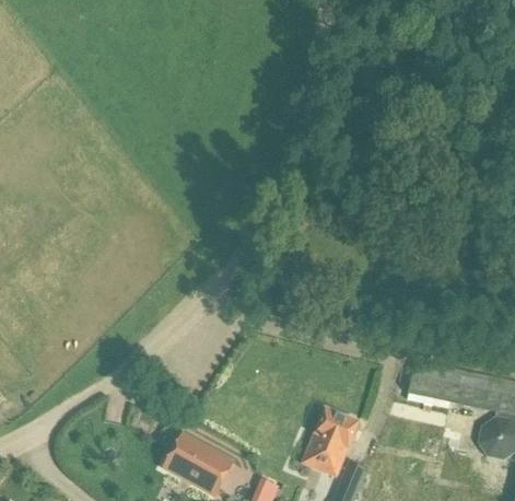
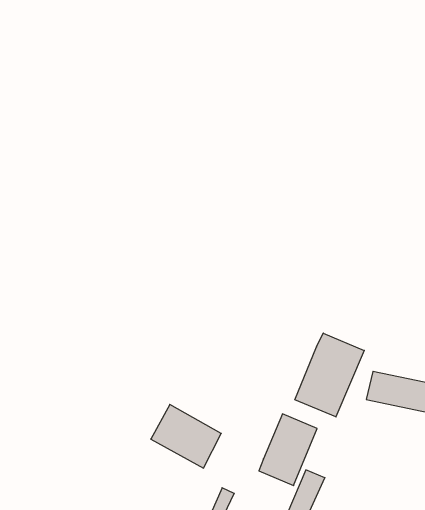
building: none -> [295,333,364,417]
building: [164,431,233,493] -> [151,404,221,468]

